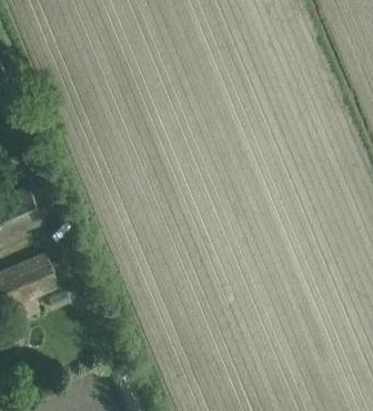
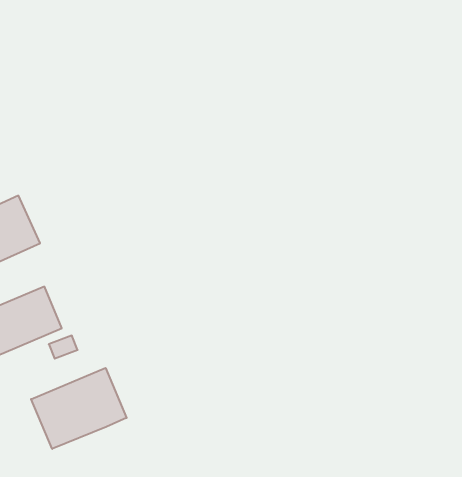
building: none -> [31,368,127,449]

